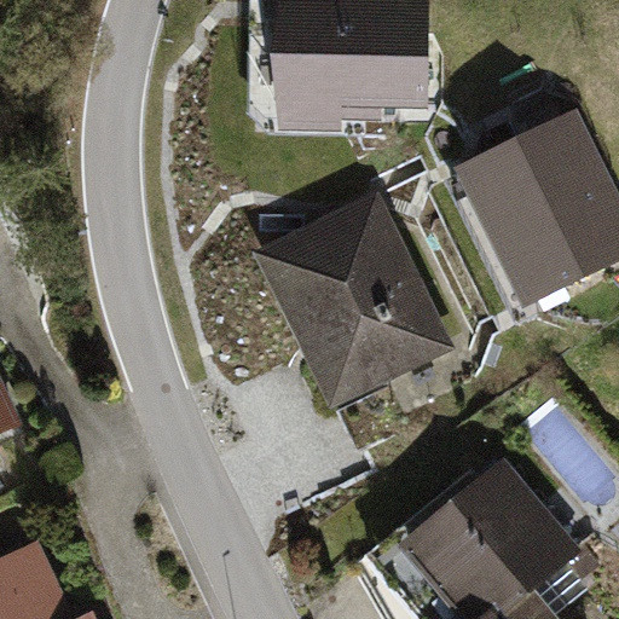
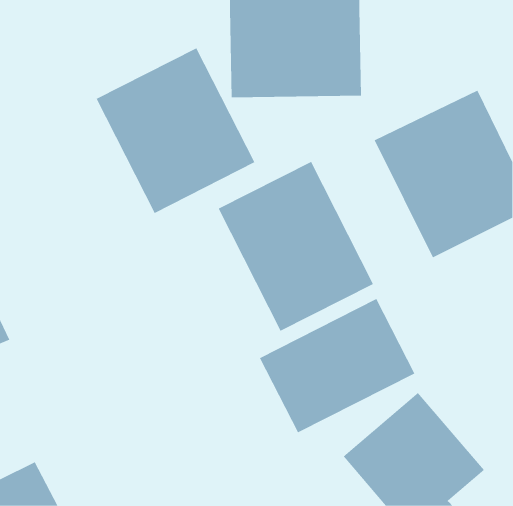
building: none -> [96,48,255,214]
building: none -> [259,298,415,433]

